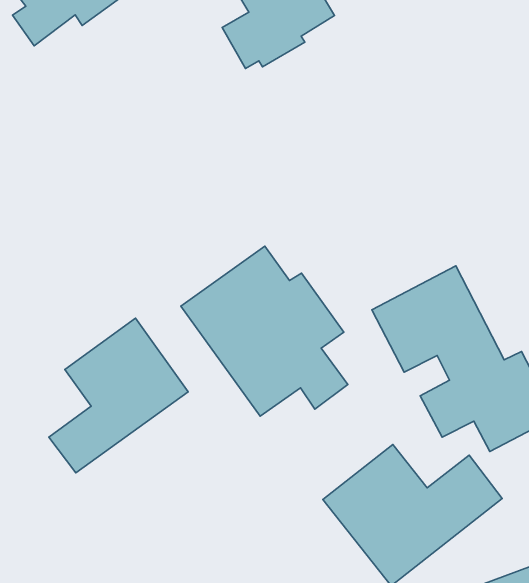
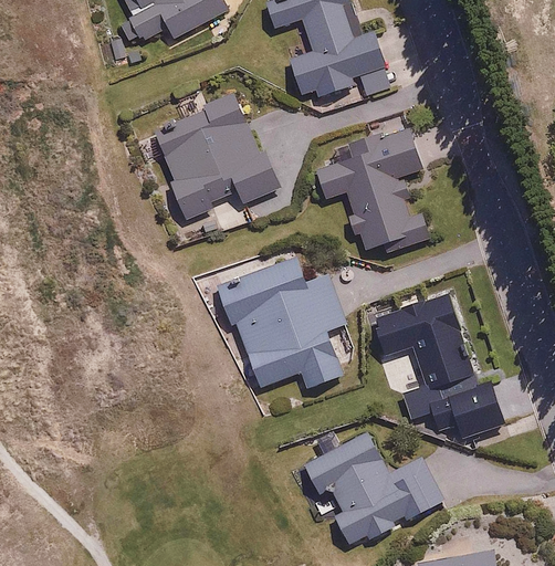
building: none -> [307,116,432,264]
building: none -> [149,87,281,231]
building: [49,318,188,473] -> none

